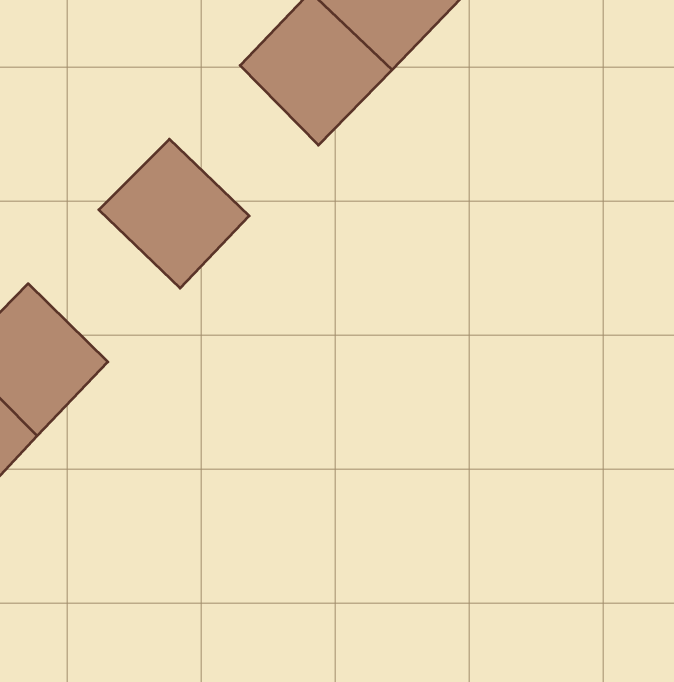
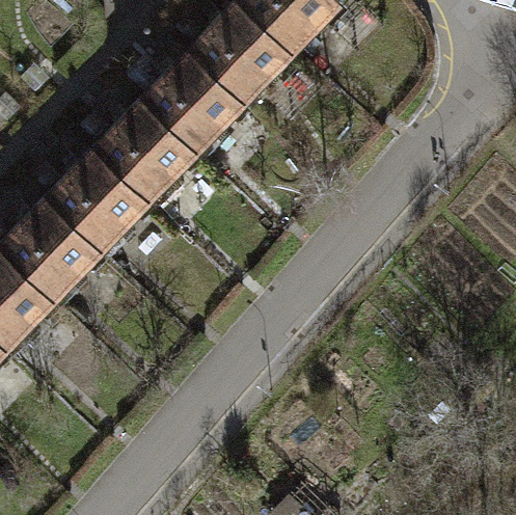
building: none -> [142,52,243,154]
building: none -> [47,150,150,252]

